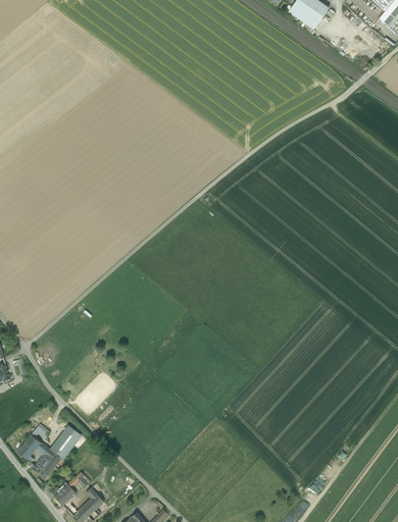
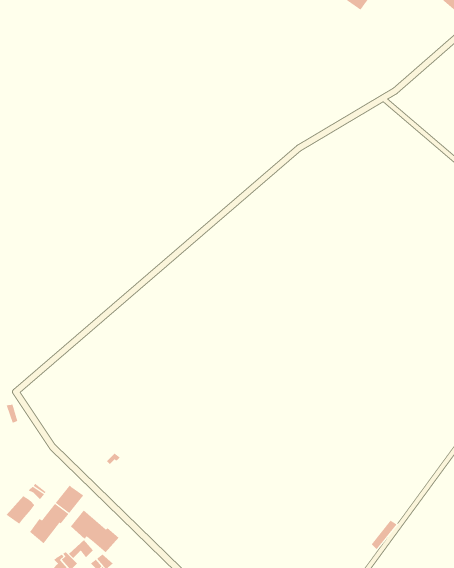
building: none -> [70,509,119,553]

